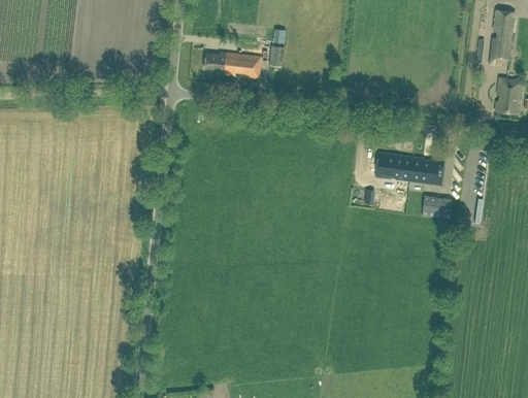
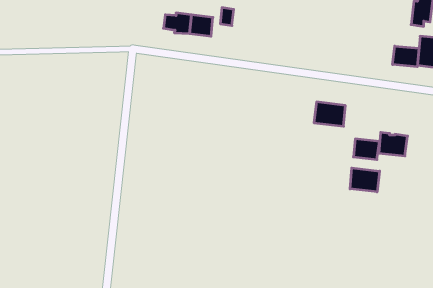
building: none -> [393,46,419,67]
building: [410,158,443,185] -> [379,132,408,156]
building: none -> [350,168,380,192]

